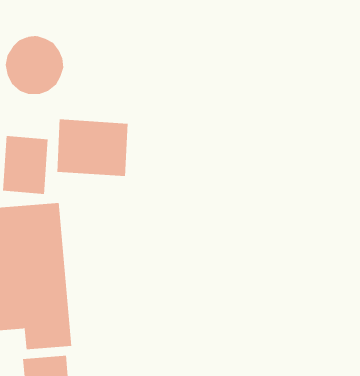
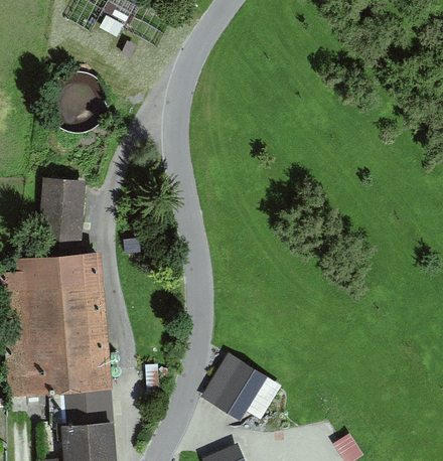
building: [57,119,128,177] -> none
building: none -> [199,351,266,419]

